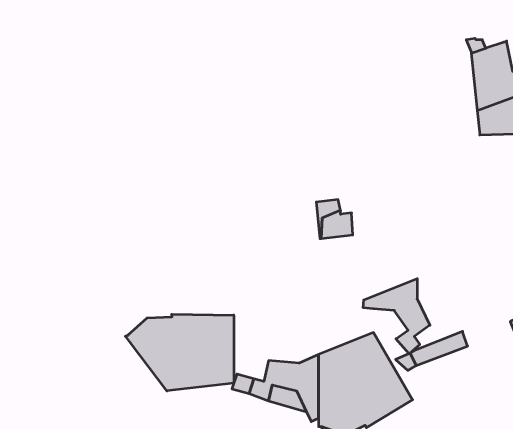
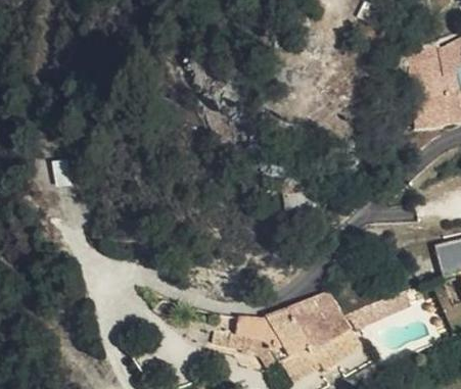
building: [363,279,430,354] -> none
building: [125,314,234,391] -> none

